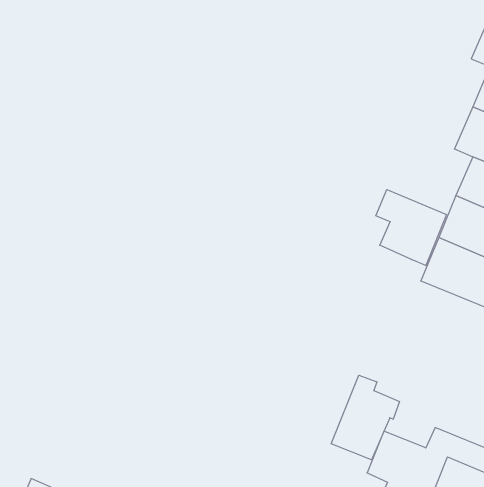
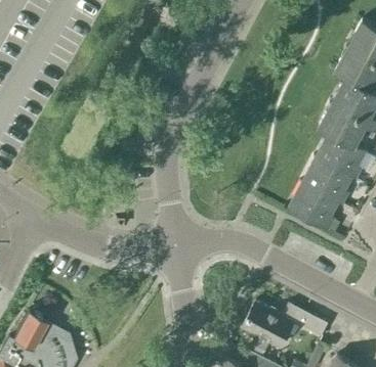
building: [376,190,447,266] -> none
building: [331,375,399,460] -> none

